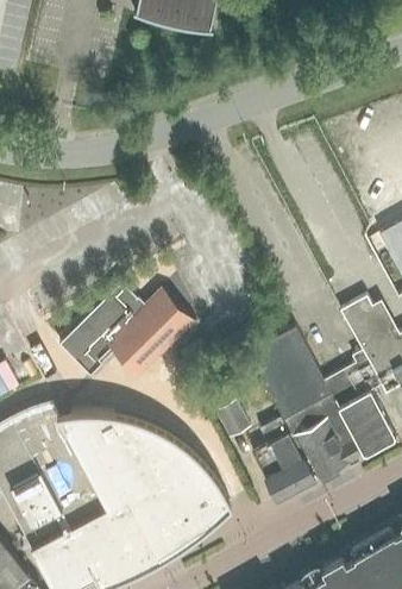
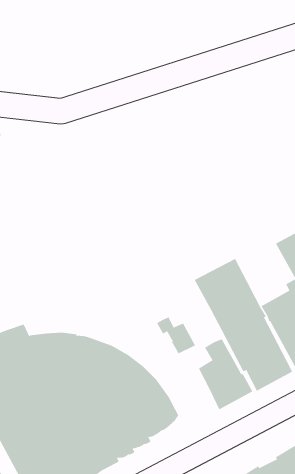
building: [59,286,196,381] -> none

